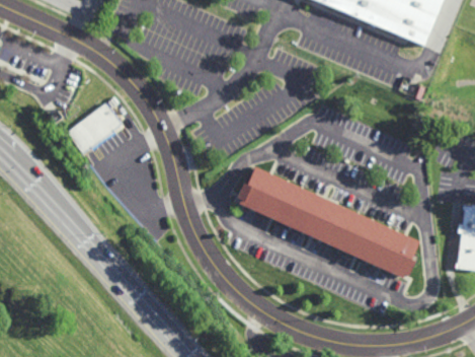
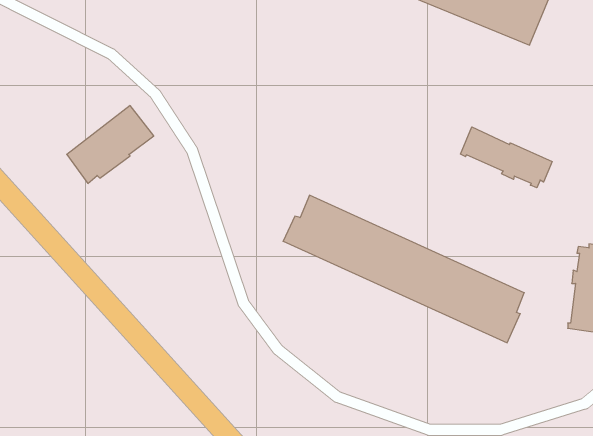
building: none -> [461,127,552,188]

